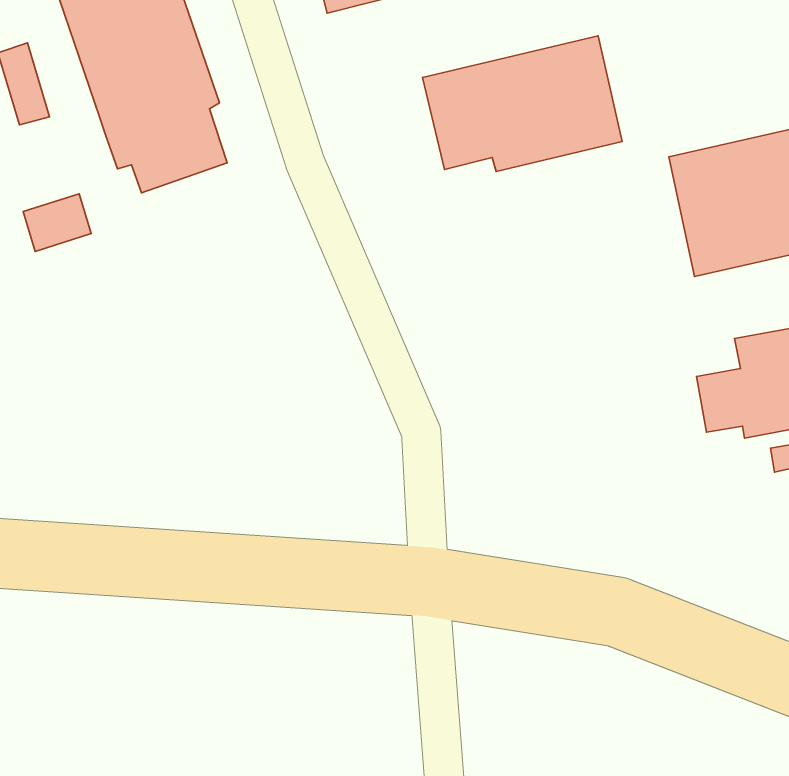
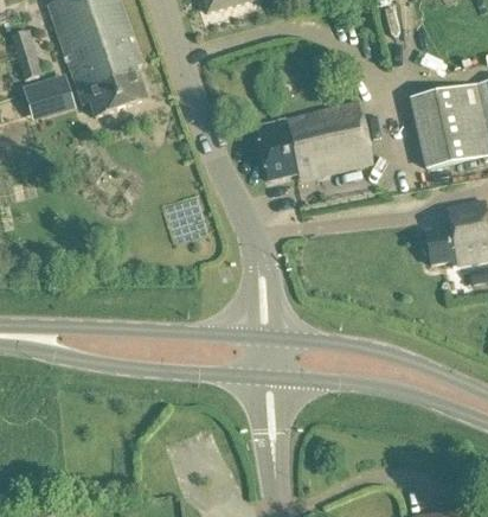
building: [422,36,622,171] -> [255,102,373,183]
building: [23,194,91,252] -> [24,77,64,111]

